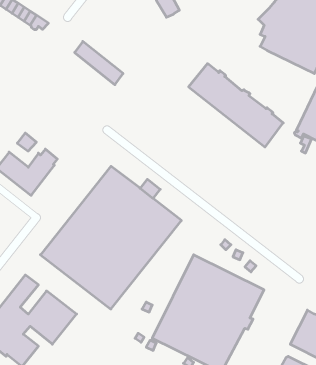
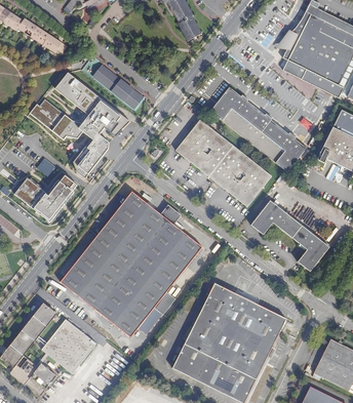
building: none -> [30,73,129,178]
building: none -> [175,119,271,206]
building: none -> [250,200,328,271]

